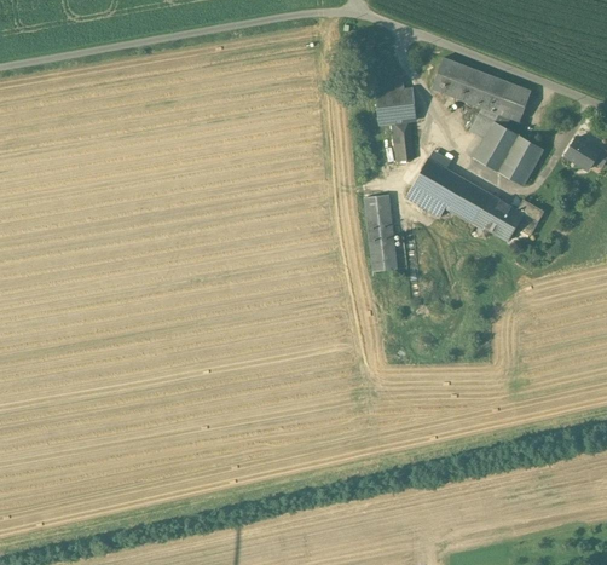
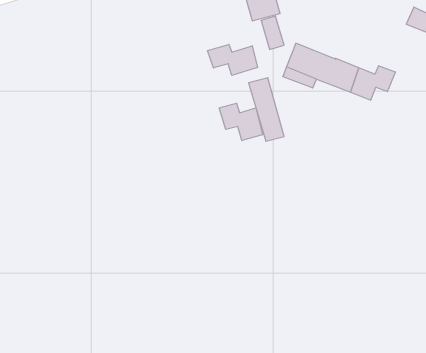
building: [474,122,542,186] -> none
building: none -> [208,44,257,75]
building: none -> [219,103,262,141]

